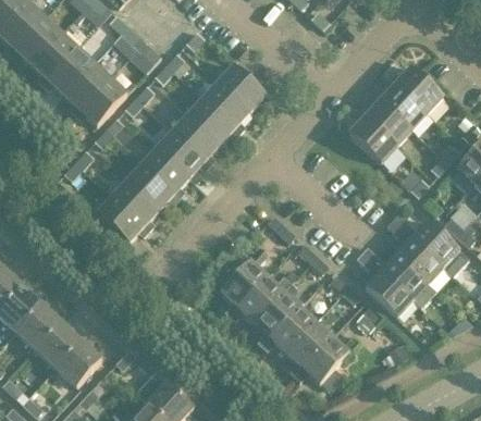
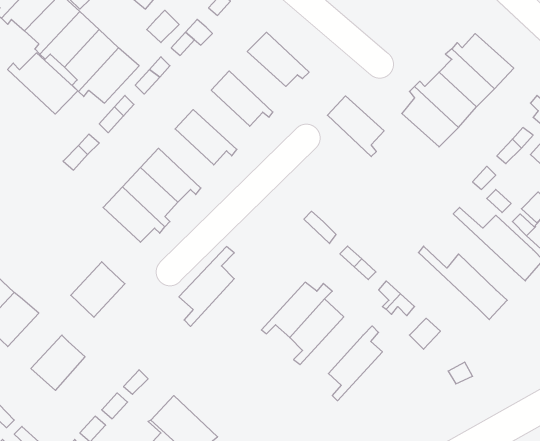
building: [202,82,250,133] -> [327,96,384,157]
building: none -> [8,53,78,114]
building: [172,114,220,164] -> none
building: [143,147,189,197] -> none
building: [386,219,443,283] -> none
building: [220,249,267,317] -> [179,247,234,326]
building: [357,251,414,317] -> none
building: [15,302,61,349] -> [71,262,125,317]
building: [262,306,316,354] -> none
building: [294,335,357,388] -> none
building: [55,339,101,386] -> none

